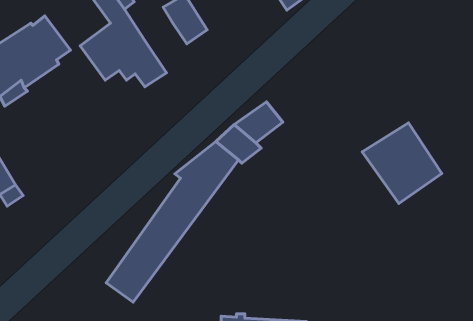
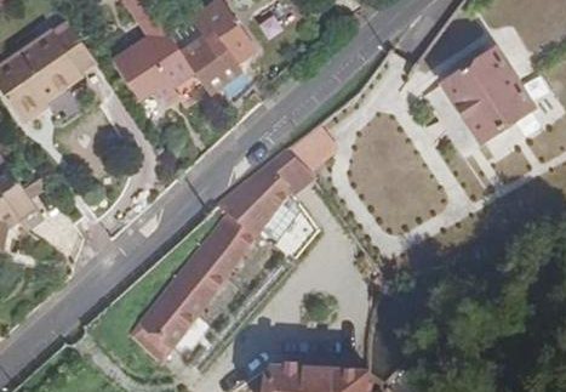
building: none -> [183,35,239,91]
building: [362,123,442,204] -> [442,50,532,141]

